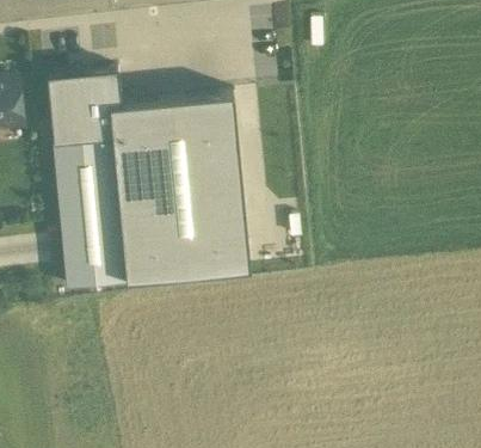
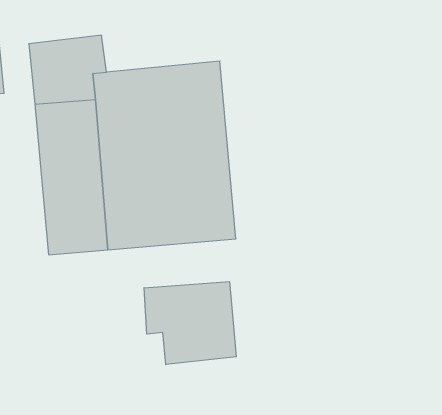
building: none -> [144,282,236,365]

